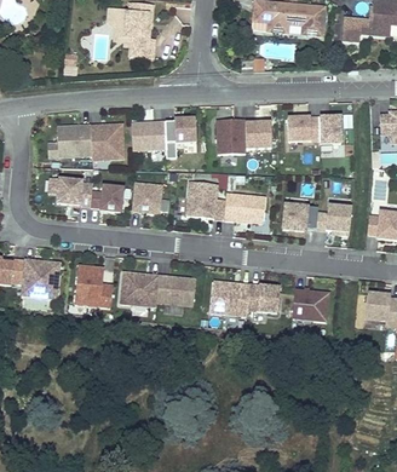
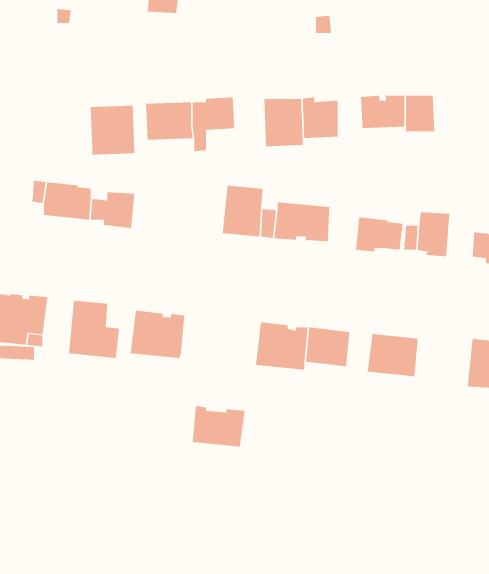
building: [47,125,91,157] -> none
building: [130,183,161,213] -> none
building: [156,276,195,306] -> [192,405,245,447]

